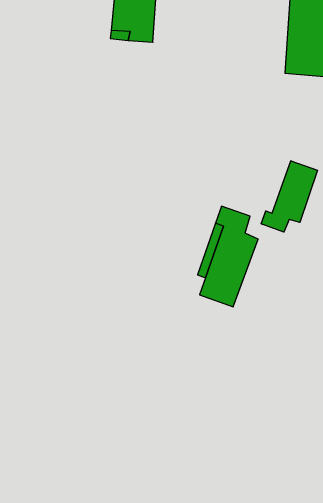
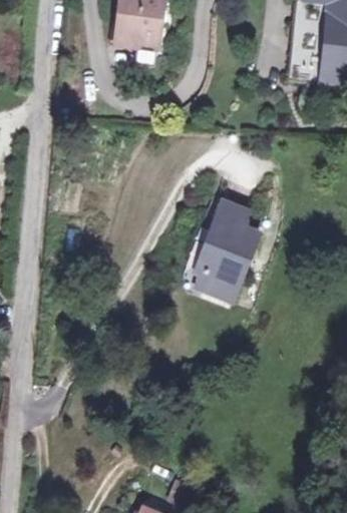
building: [261,161,318,232] -> none

